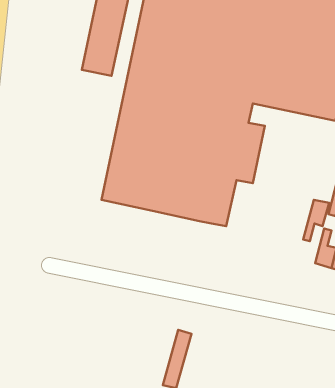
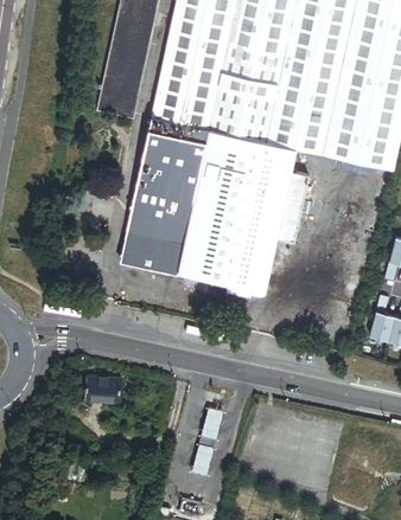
building: [303,200,329,241] -> none
building: none -> [85,377,123,404]

